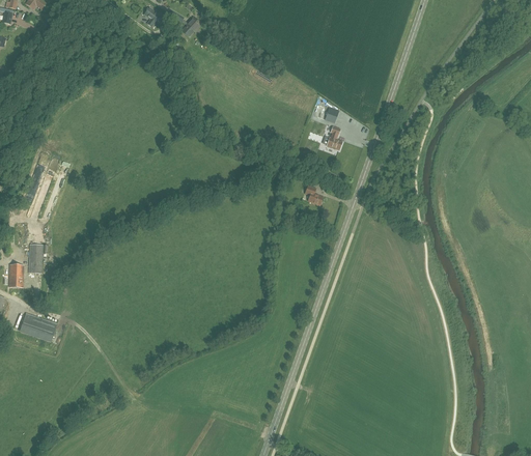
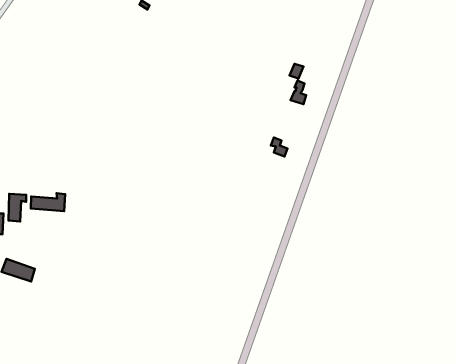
building: none -> [31,193,65,211]

